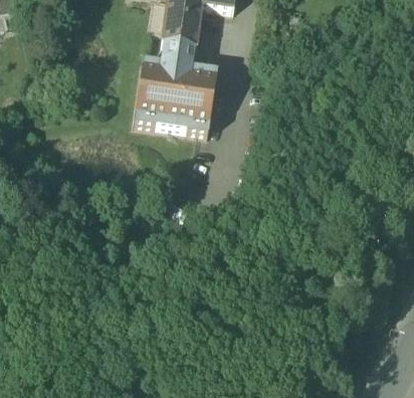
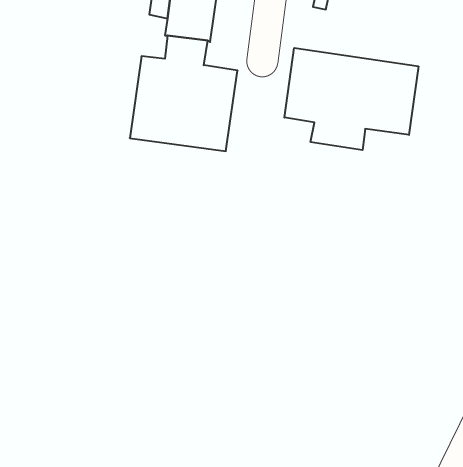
building: none -> [284,48,418,150]

